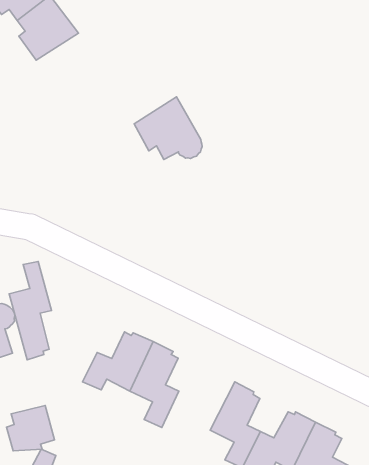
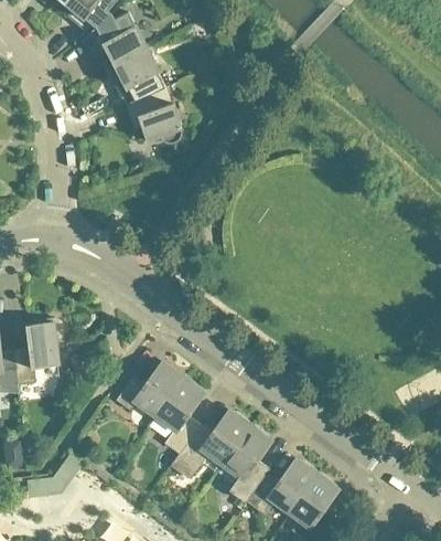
building: [134,97,202,159] -> [123,86,181,144]
building: [9,261,52,360] -> none
building: none -> [171,410,252,477]
building: [7,405,54,451] -> none

